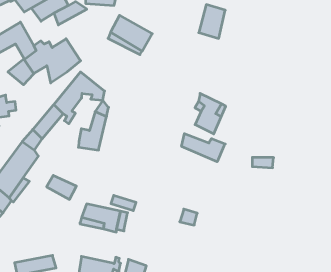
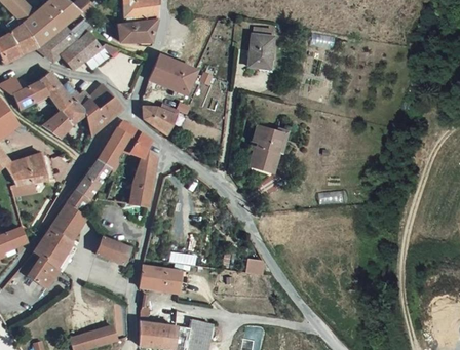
building: none -> [141,94,178,133]
building: [182,134,225,162] -> none

